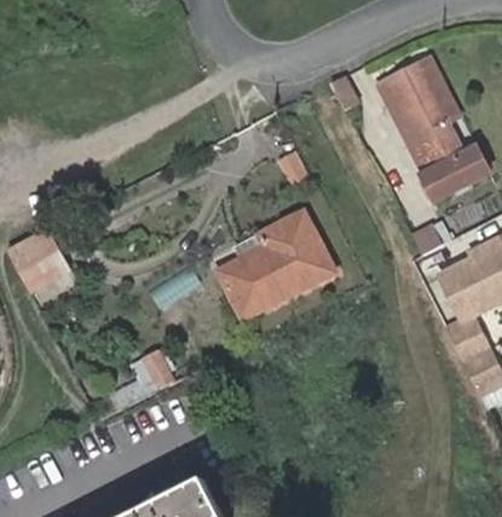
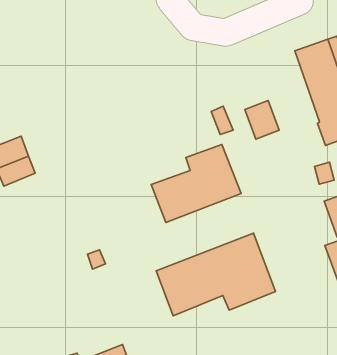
building: none -> [245,100,279,139]
building: none -> [156,233,275,316]

